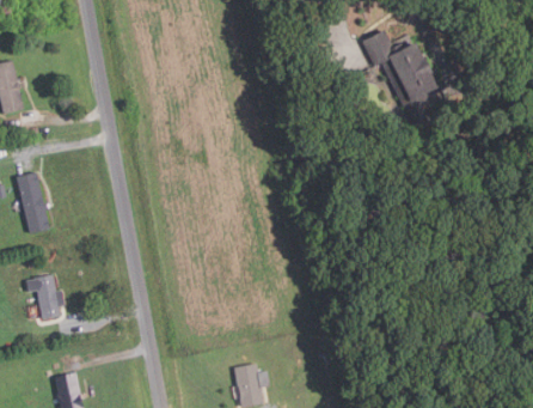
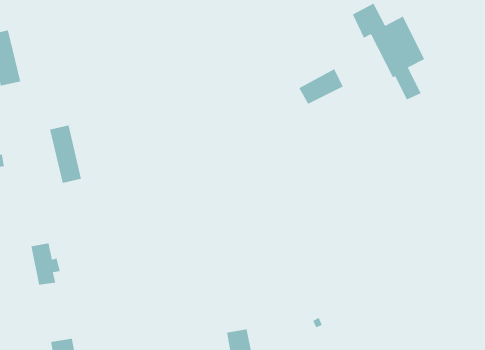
building: none -> [298,68,344,105]
building: [17,173,50,235] -> [49,124,82,184]

